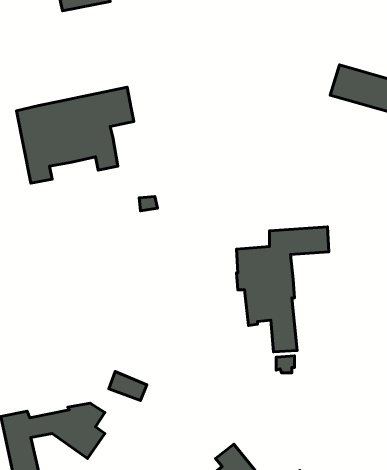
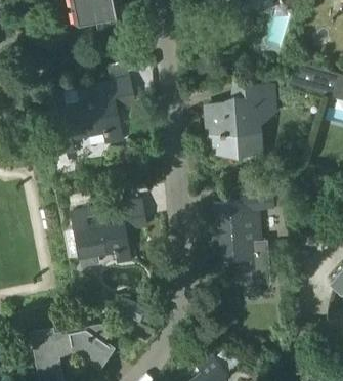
building: none -> [207,87,275,156]
building: none -> [72,203,146,269]

